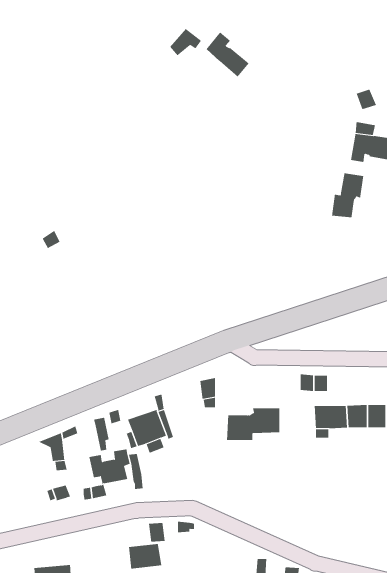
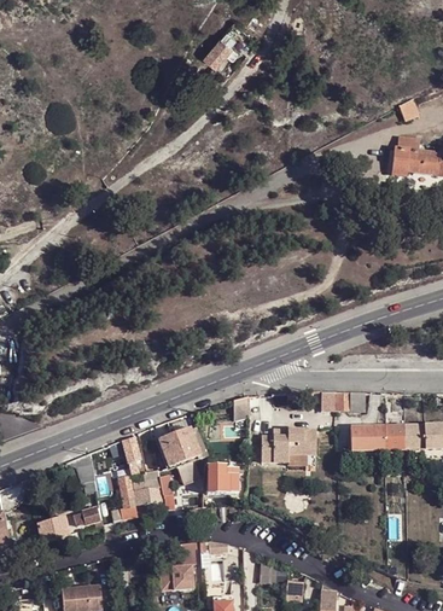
building: [206,32,250,77] -> none
building: [331,173,364,218] -> none
building: none -> [210,464,241,493]
building: none -> [39,514,70,545]

